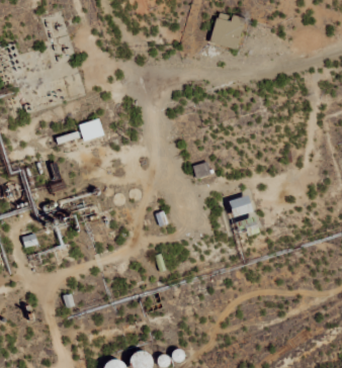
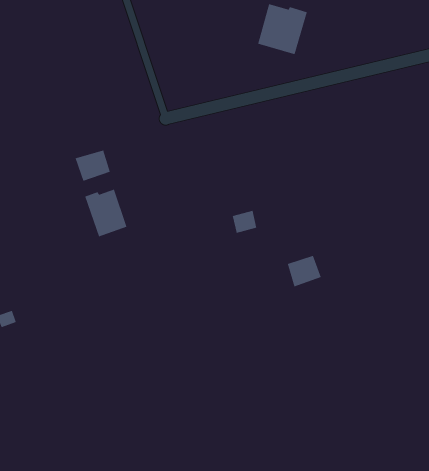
building: none -> [84,189,128,238]

